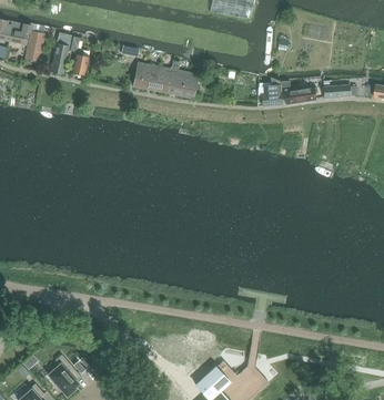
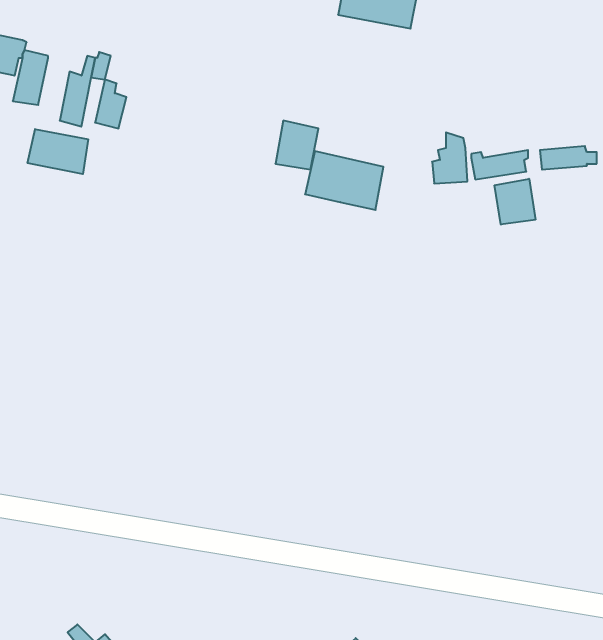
building: [133,62,178,95] -> [305,151,383,210]
building: none -> [28,129,88,174]
building: none -> [495,179,535,225]

